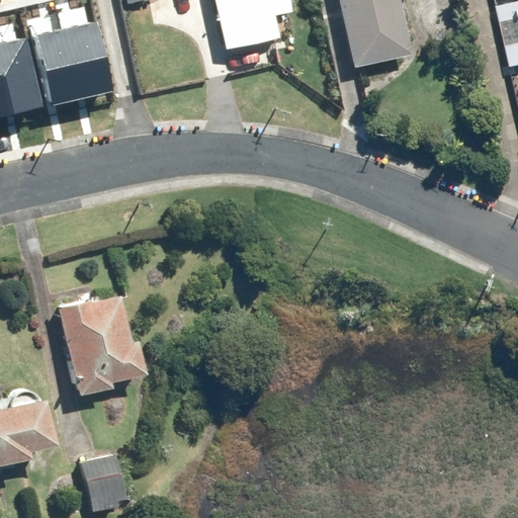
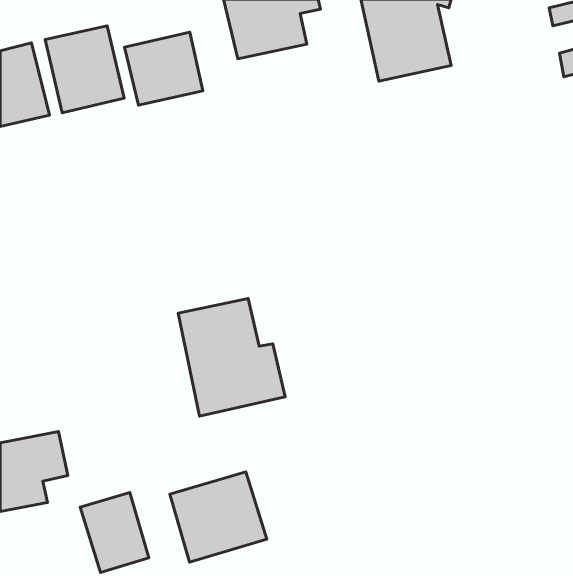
building: none -> [124,32,203,105]
building: [58,287,154,393] -> [178,299,285,416]
building: none -> [170,472,267,562]

